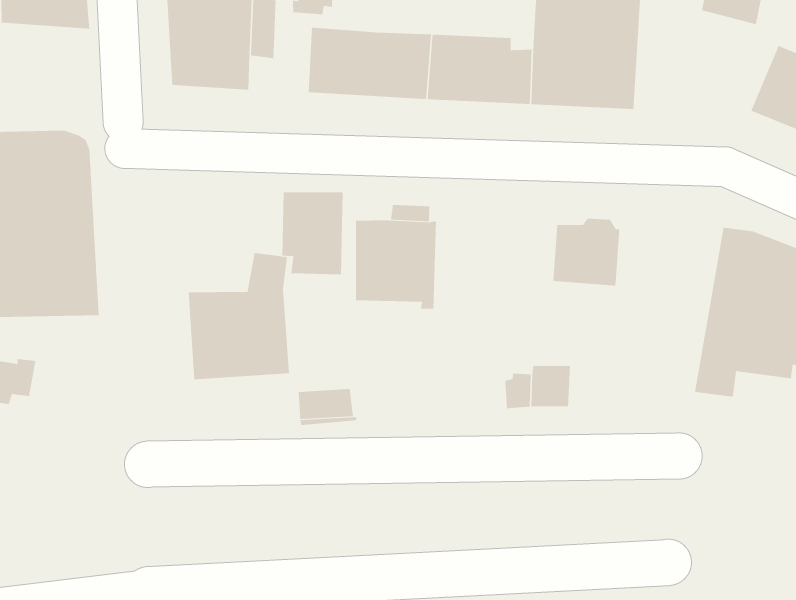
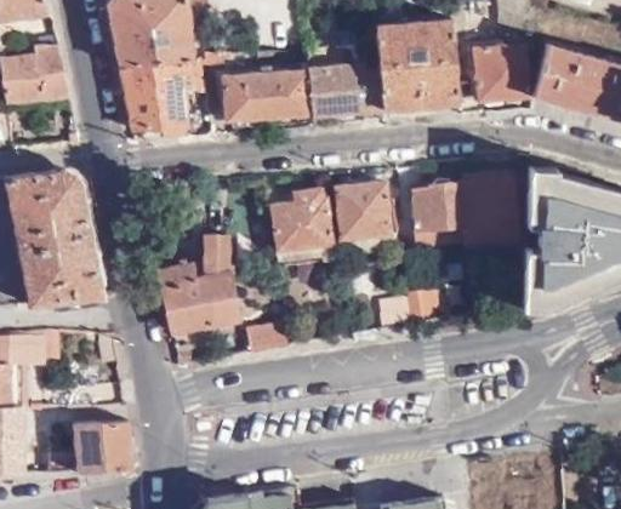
building: none -> [473,42,525,99]
building: [282,191,343,275] -> none
building: none -> [334,181,388,239]
building: none -> [458,176,515,240]
building: none -> [74,421,131,473]

